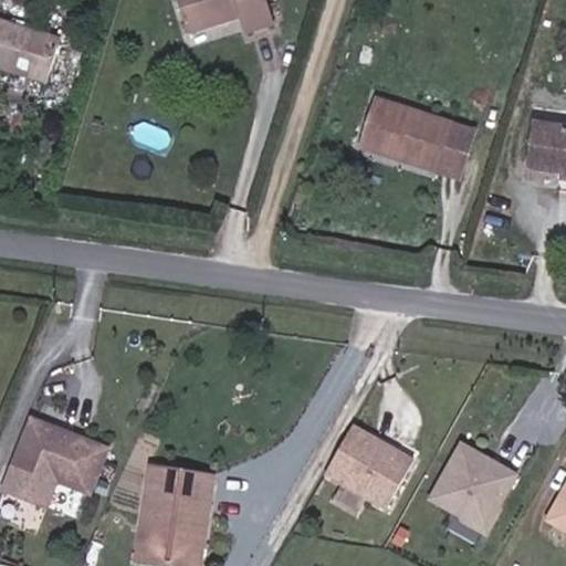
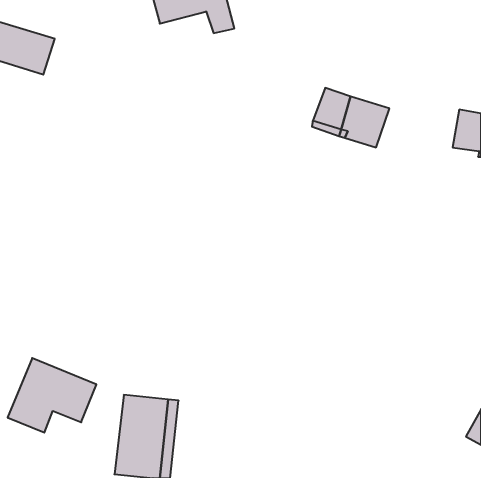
building: [333,427,421,510] -> none
building: [419,437,517,534] -> none

